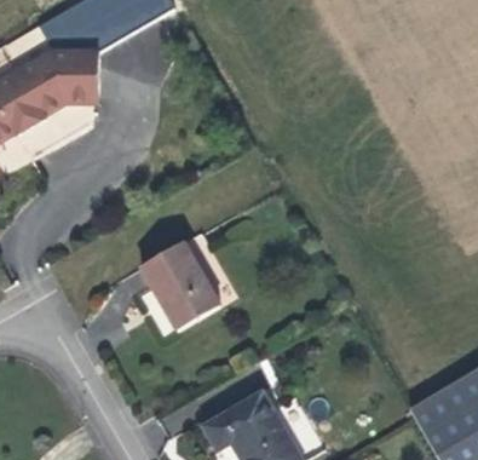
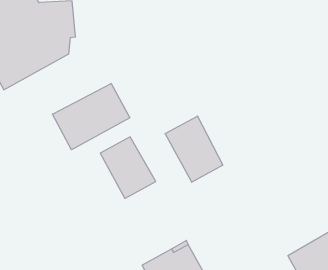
building: none -> [52,83,130,150]
building: none -> [165,116,223,182]

